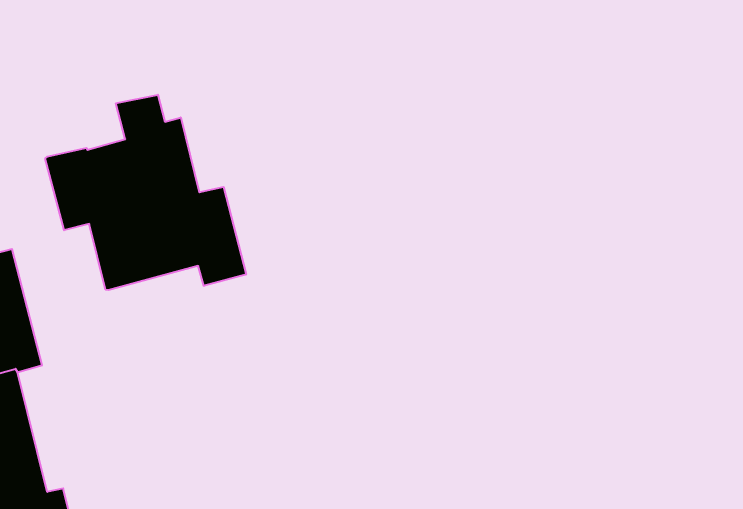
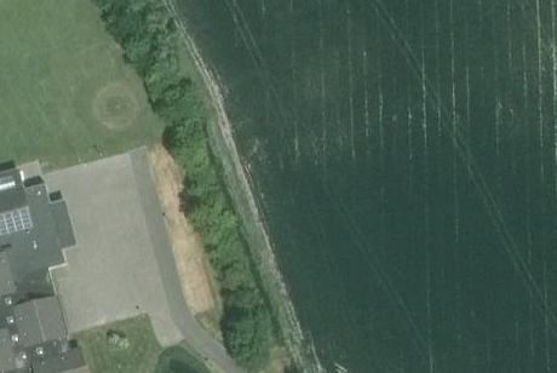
building: [45,95,246,290] -> none

